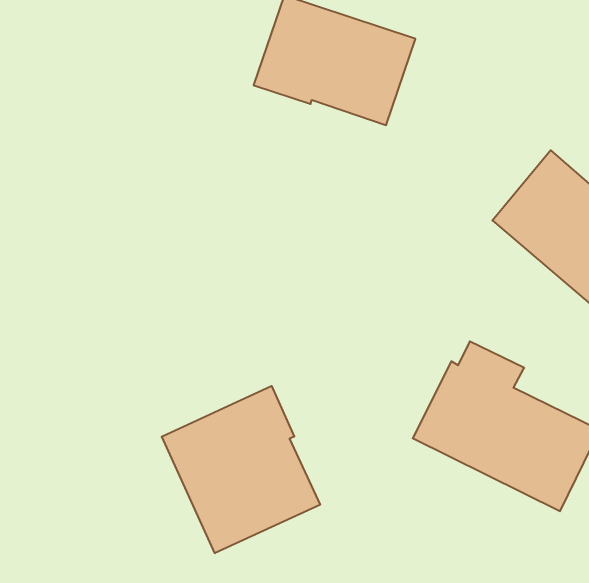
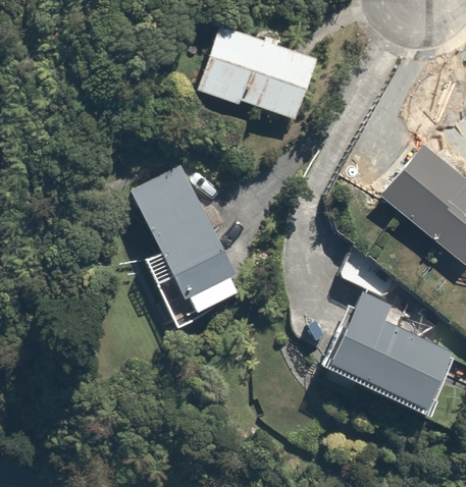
building: none -> [133,168,247,323]
building: [162,386,320,553] -> none

